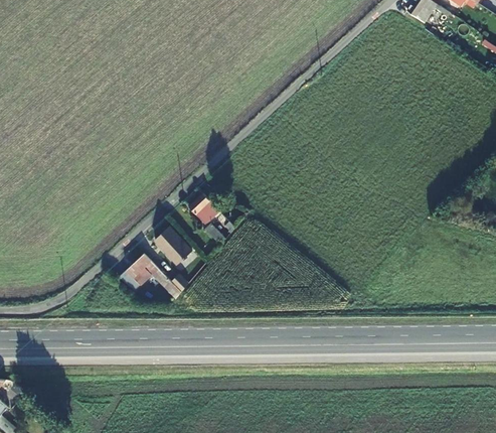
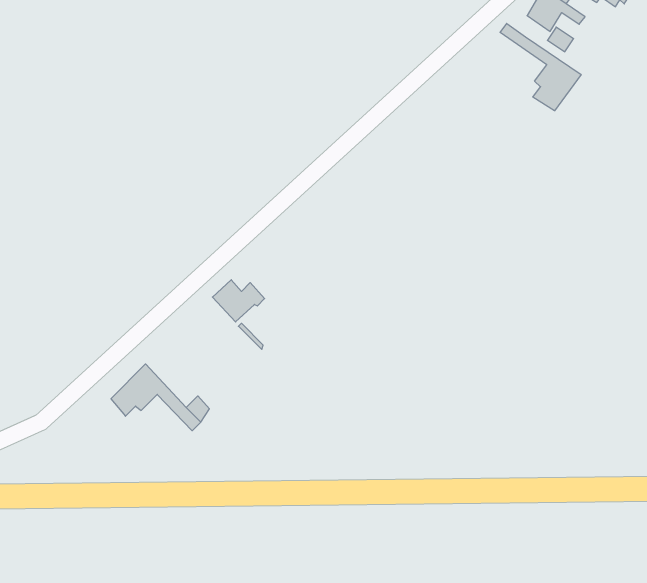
building: none -> [500,23,581,111]
building: [157,229,192,265] -> none

